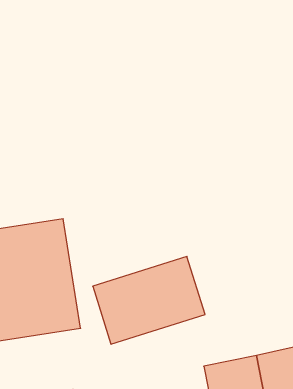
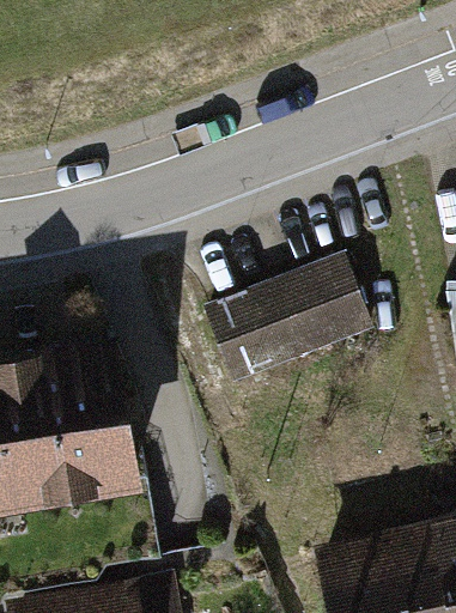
building: [93,256,205,344] -> [208,256,371,383]

